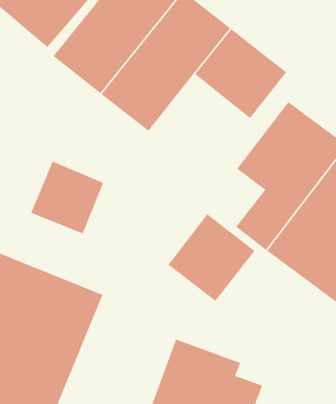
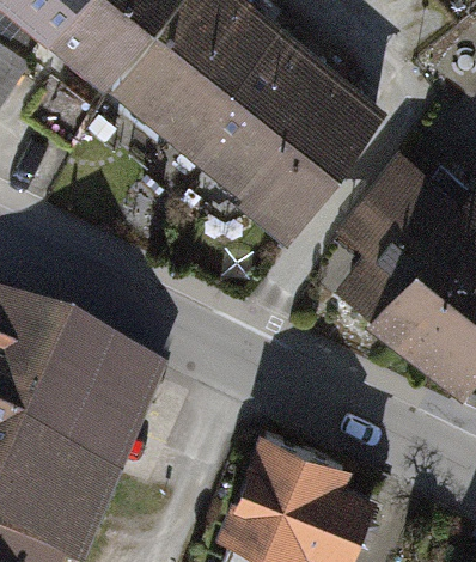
building: none -> [225,117,347,239]
building: [30,161,104,235] -> none
building: [168,213,256,302] -> none

